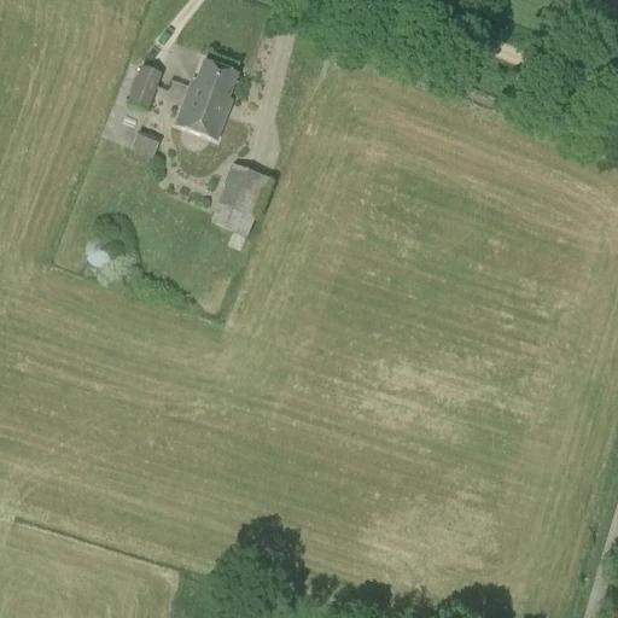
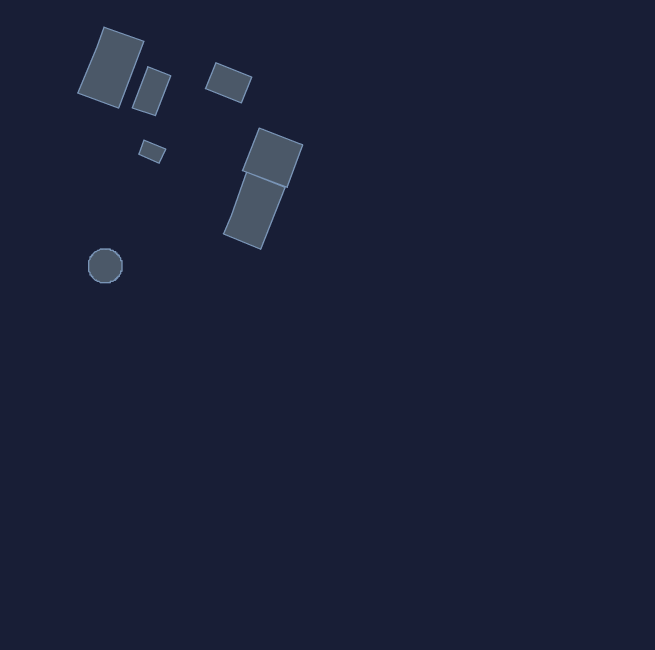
building: none -> [78,27,144,108]
building: [175,82,232,138] -> [242,128,303,187]

